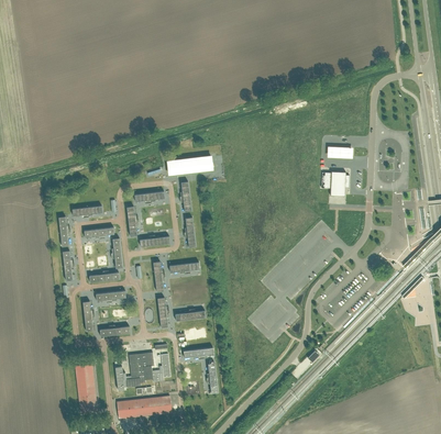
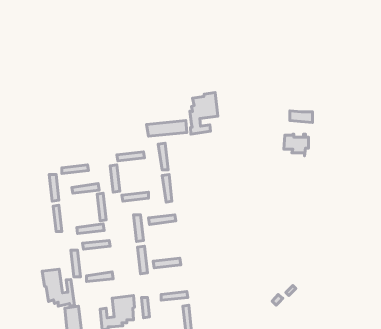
building: none -> [190,92,218,134]
building: none -> [42,269,75,306]

